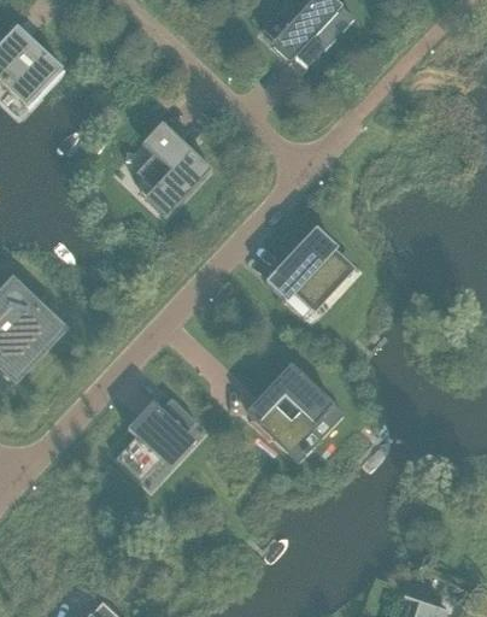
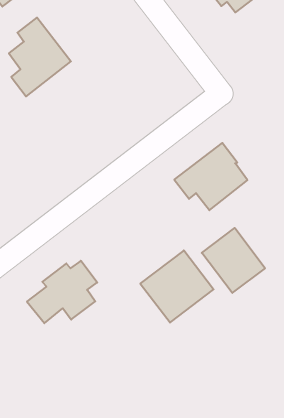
building: [135,122,211,218] -> [9,18,71,96]
building: none -> [202,228,265,293]

